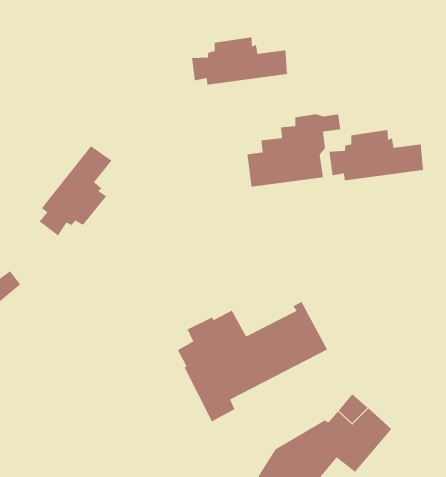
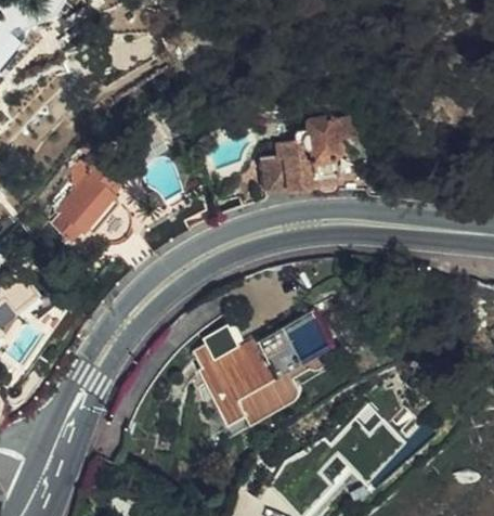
building: [191,37,288,86] -> none
building: [329,129,424,181] -> none

